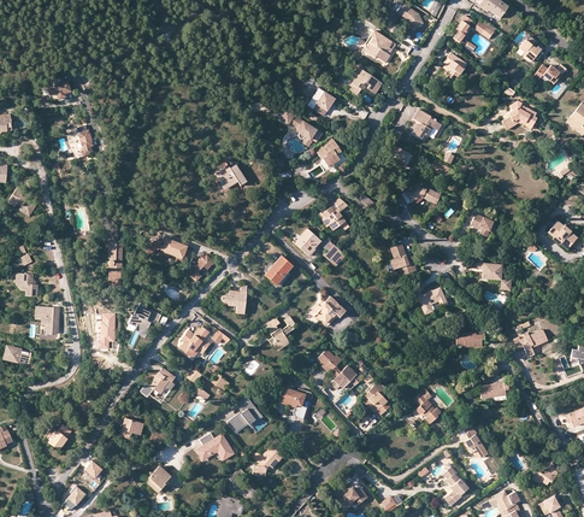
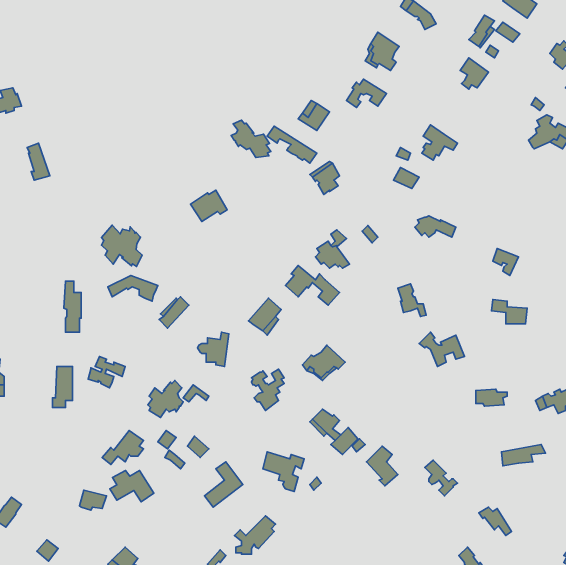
building: none -> [231,120,271,158]
building: none -> [101,225,142,266]
building: [196,433,234,459] -> [110,470,154,502]

